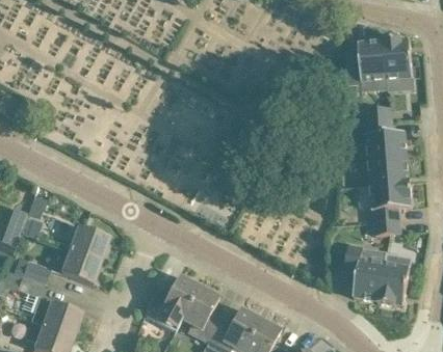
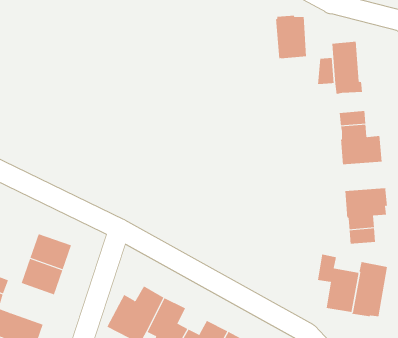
building: [383,38,413,80] -> [275,15,307,59]
building: [369,157,410,185] -> none

